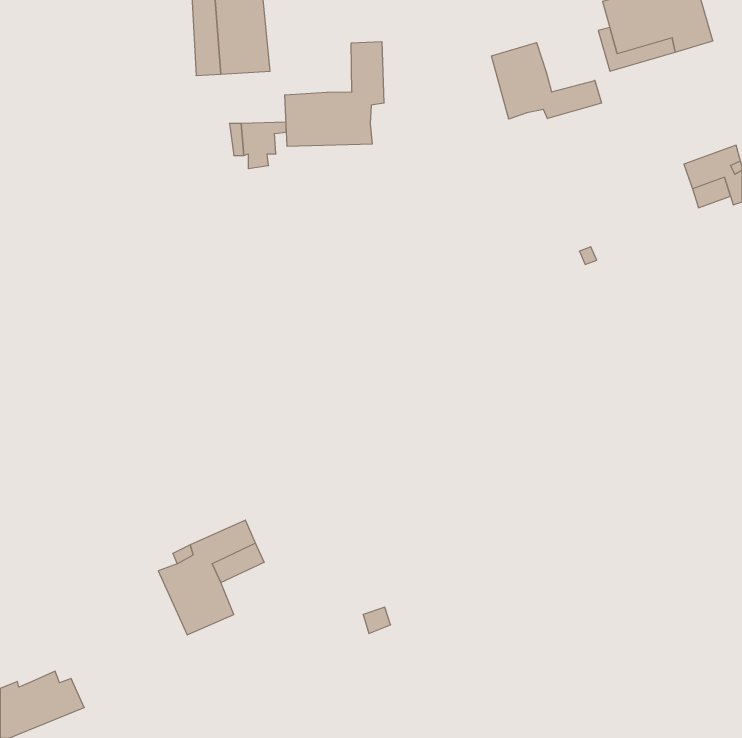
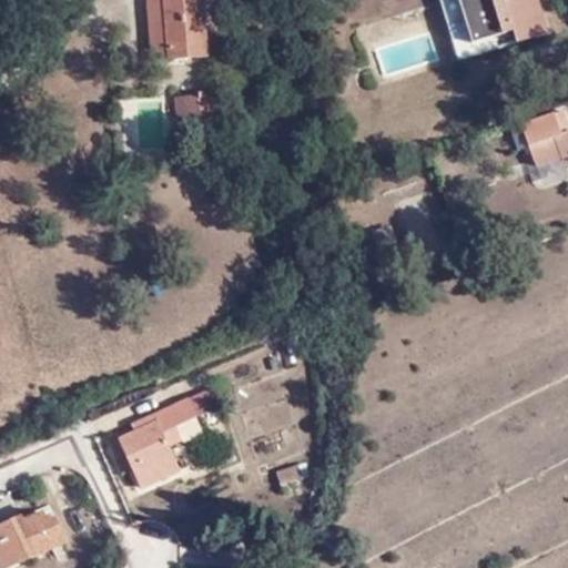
building: [285,42,384,146] -> none
building: [491,43,601,119] -> none

